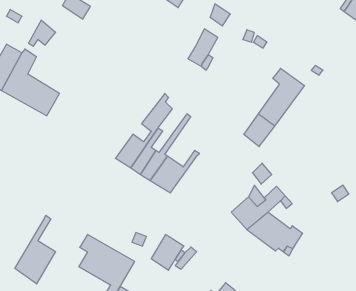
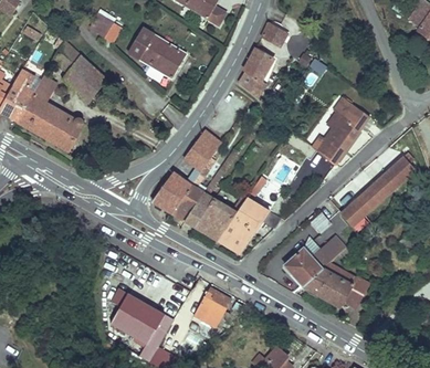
building: none -> [130,27,189,78]
building: none -> [65,56,108,99]
building: none -> [342,151,412,221]
building: none -> [214,177,276,254]
building: [15,215,56,284] -> none

